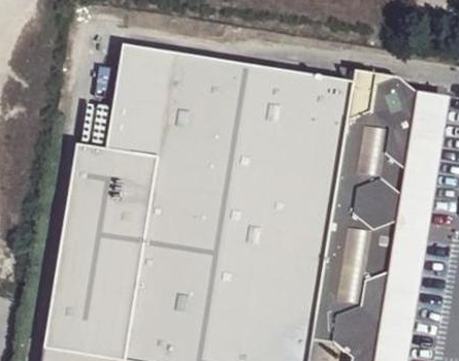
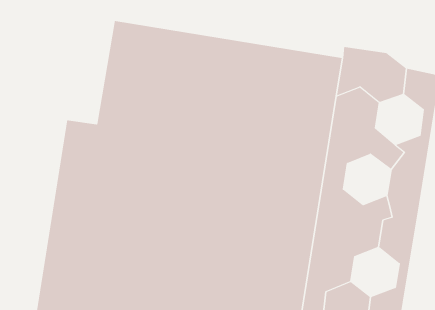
building: [384,118,431,168] -> none
building: [352,177,399,228] -> none
building: [359,270,407,320] -> none

